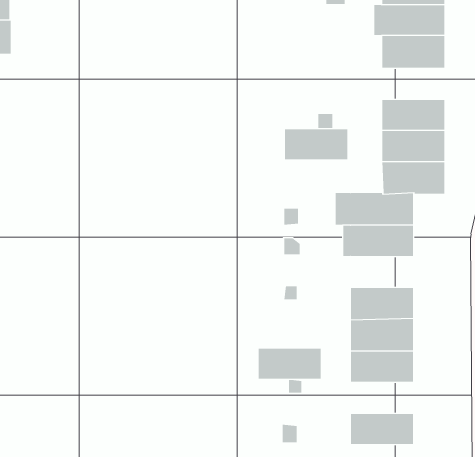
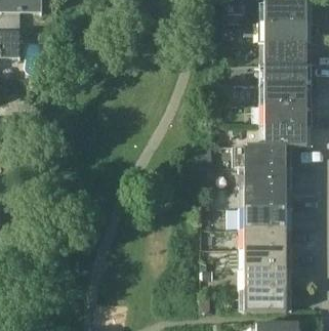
building: [284,129,348,160] -> [264,65,306,85]
building: none -> [244,189,286,209]
building: [258,348,321,379] -> [244,272,286,292]

